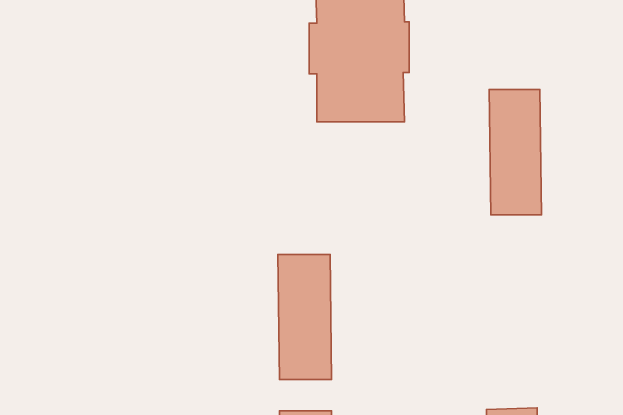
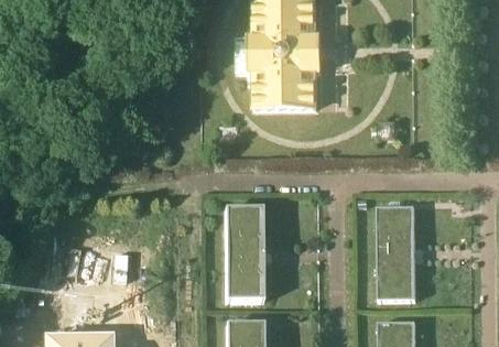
building: [489,89,541,215] -> [379,206,417,299]

